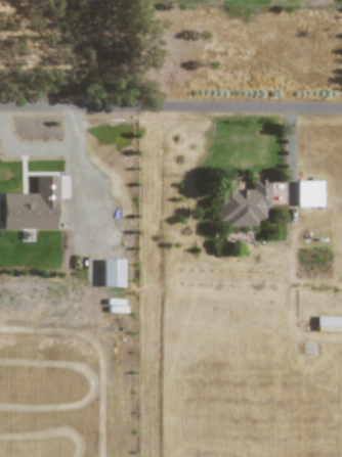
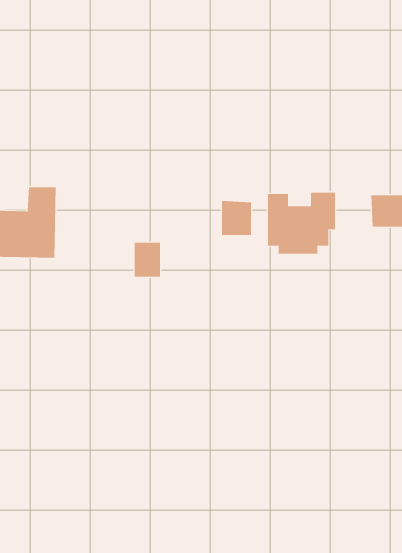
building: none -> [222,200,252,236]
building: [105,260,126,286] -> [134,242,161,277]

